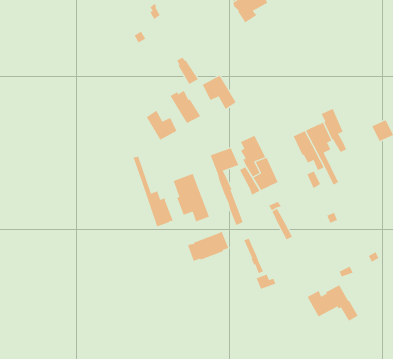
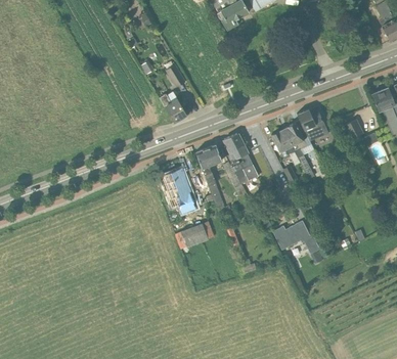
building: [202,75,236,110] -> none
building: [146,110,177,141] -> none
building: [133,156,173,227] -> none
building: [307,285,359,322] -> [273,220,320,254]

